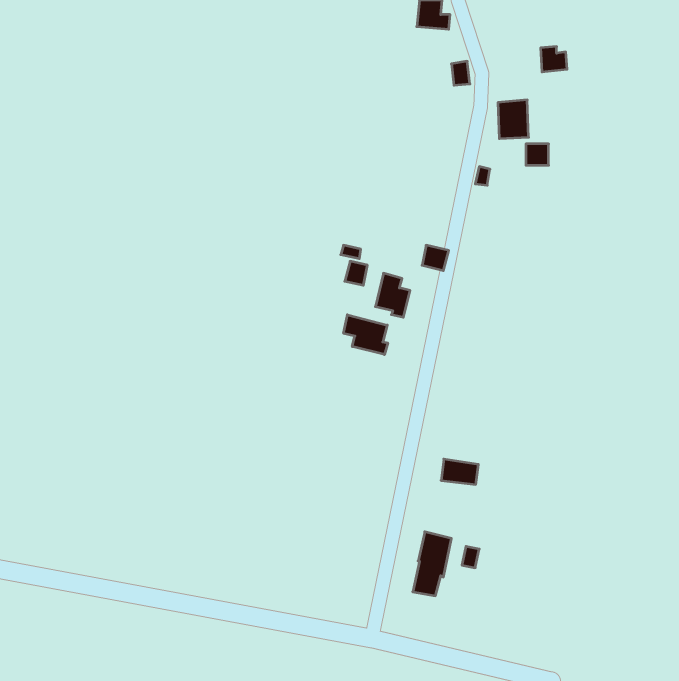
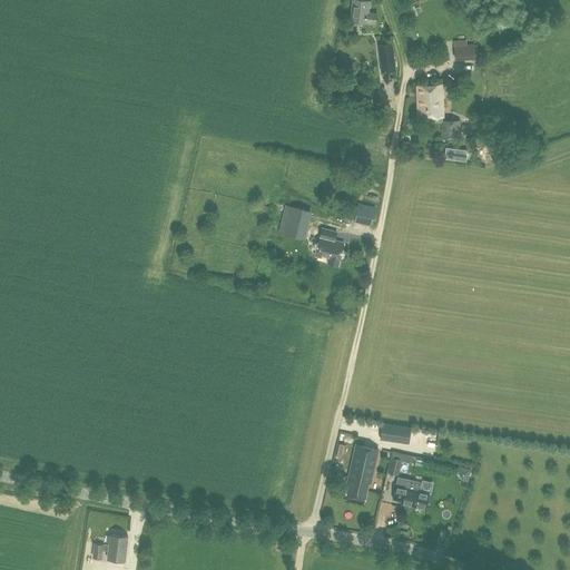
building: [344,315,388,355] -> none
building: [441,459,478,484] -> [379,422,410,443]
building: none -> [391,476,428,509]
building: none -> [91,533,127,561]

